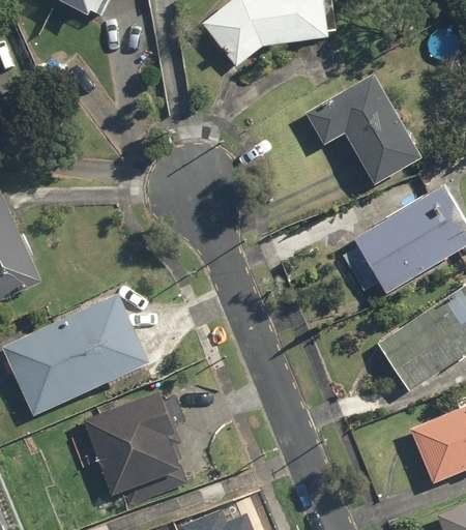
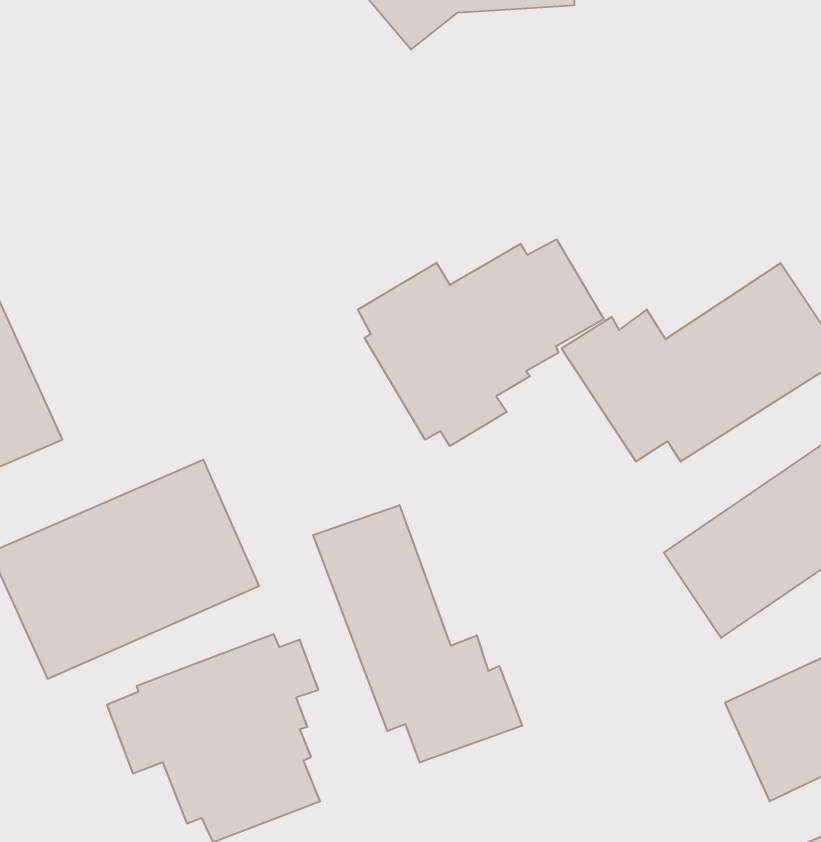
building: [310,75,424,185] -> none
building: none -> [358,239,604,446]
building: none -> [313,505,522,762]

